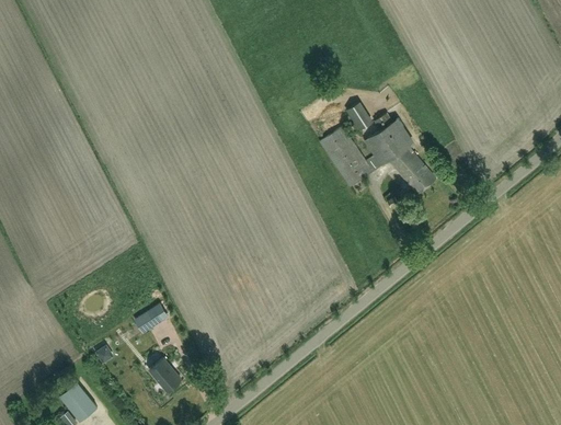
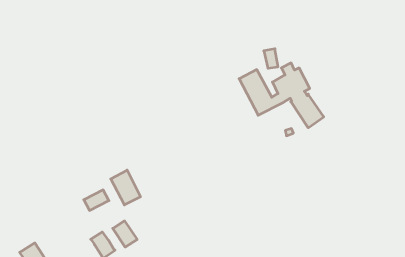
building: none -> [111,170,140,205]
building: none -> [113,221,137,247]

